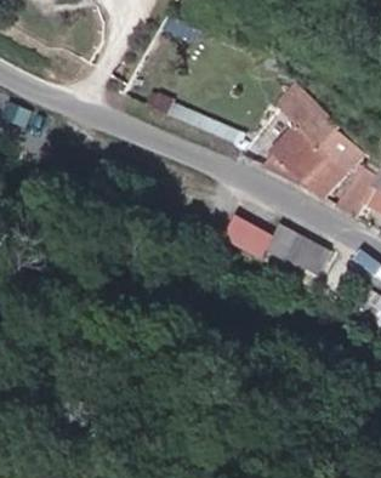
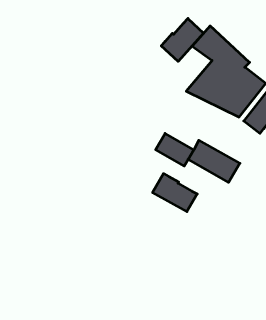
building: none -> [161,18,204,61]
building: none -> [153,174,197,212]

